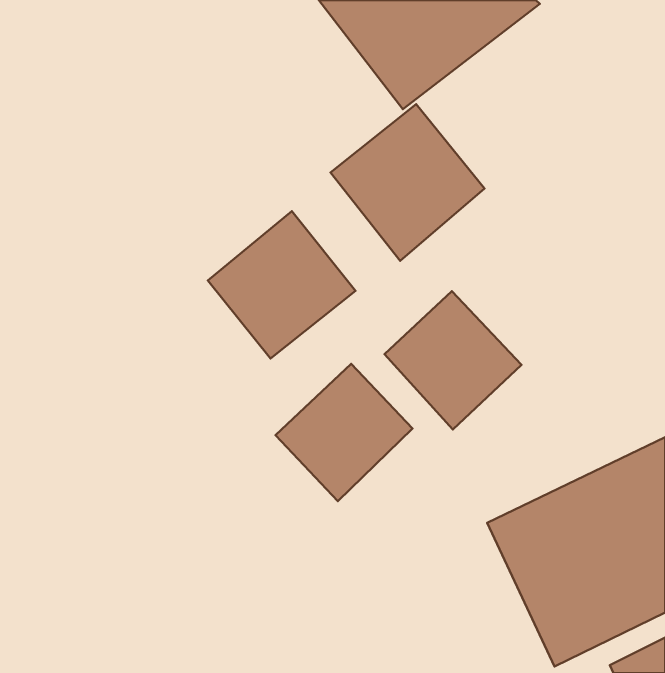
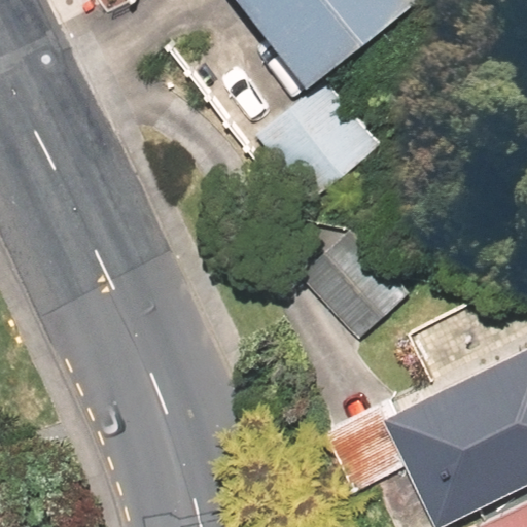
building: [208,211,356,359] -> none
building: [275,364,412,501] -> none

